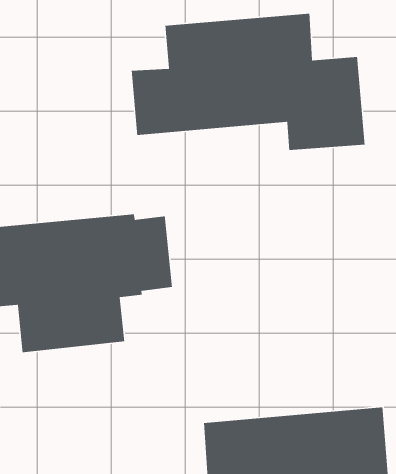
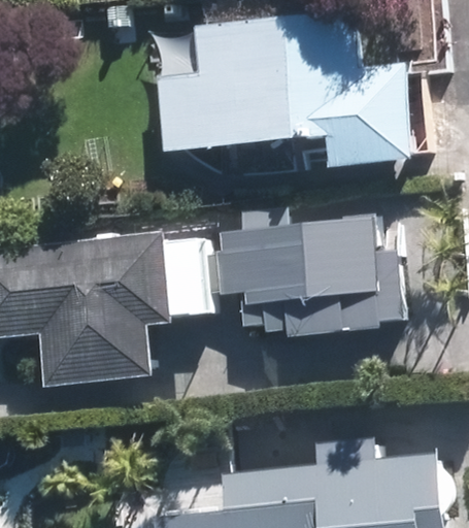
building: none -> [205,212,400,333]

